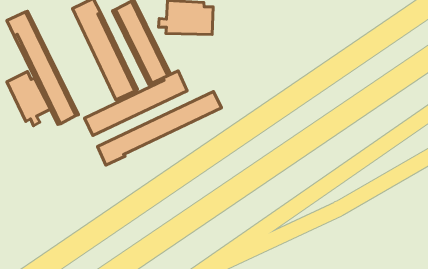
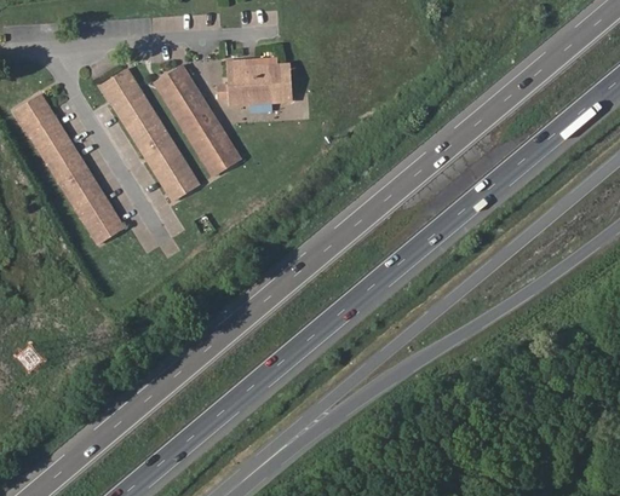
building: [84,71,187,136] -> none
building: [7,72,50,126] -> none
building: [98,91,221,165] -> none

